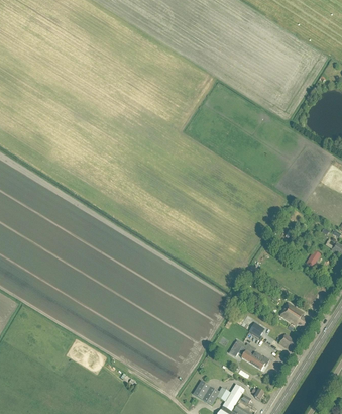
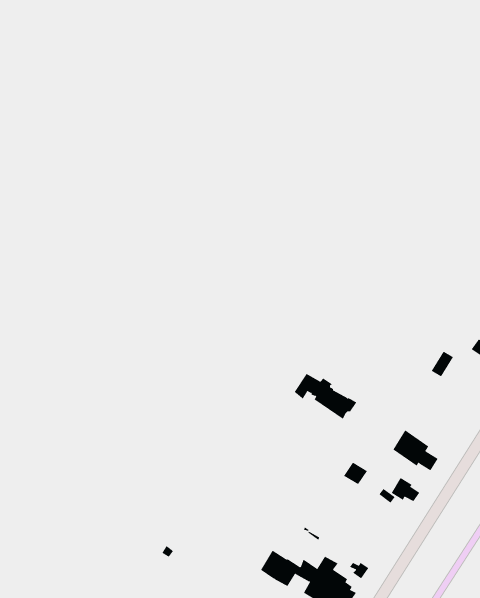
building: [228,340,269,371] -> [294,373,357,420]

